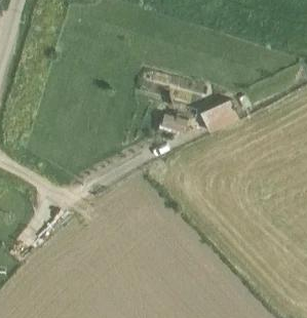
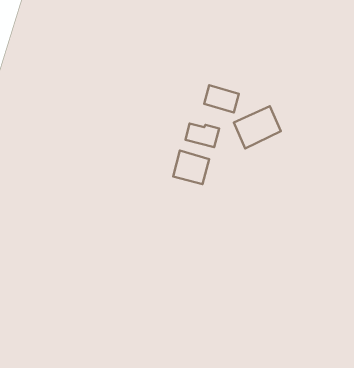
building: none -> [173,150,209,184]

